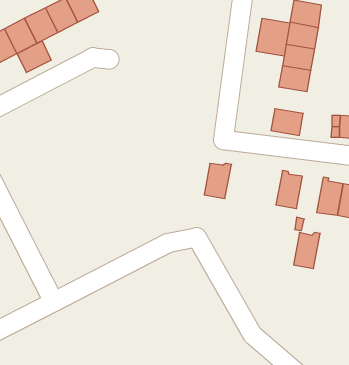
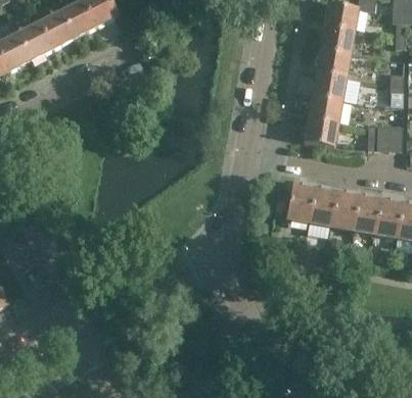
building: [256,18,290,56] -> none
building: [17,41,51,73] -> none
building: none -> [307,95,341,123]
building: [204,163,232,199] -> [285,184,315,221]
building: [294,232,320,269] -> [330,191,359,230]

